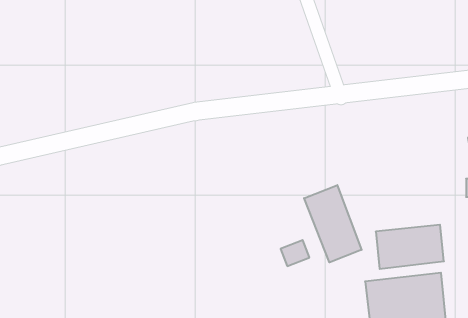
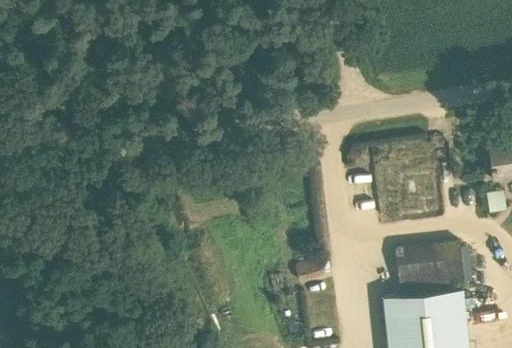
building: [304,185,362,262] -> none

